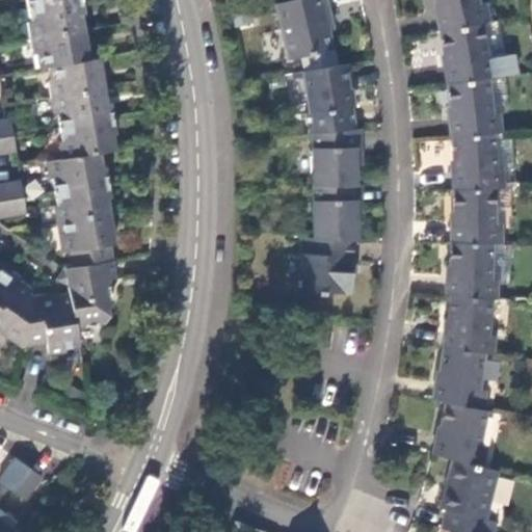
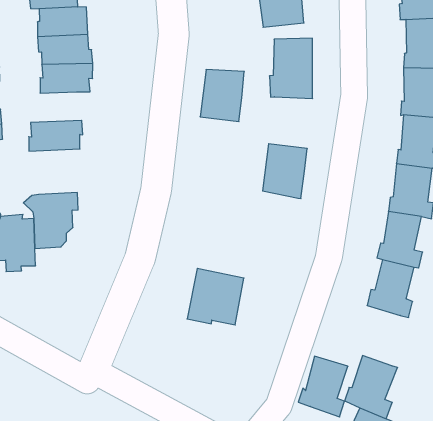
building: [315,129,357,184] -> [200,70,244,122]
building: [46,154,109,193] -> none
building: [56,215,116,270] -> none
building: [298,235,354,293] -> [187,268,244,325]
building: [432,346,482,408] -> [298,356,348,417]

